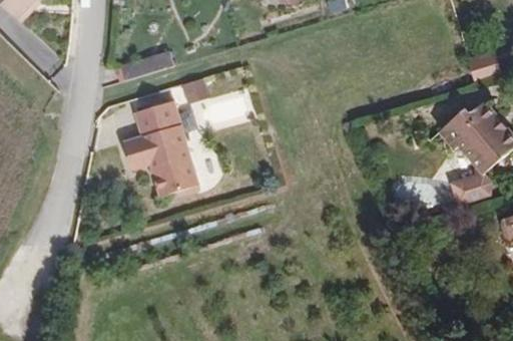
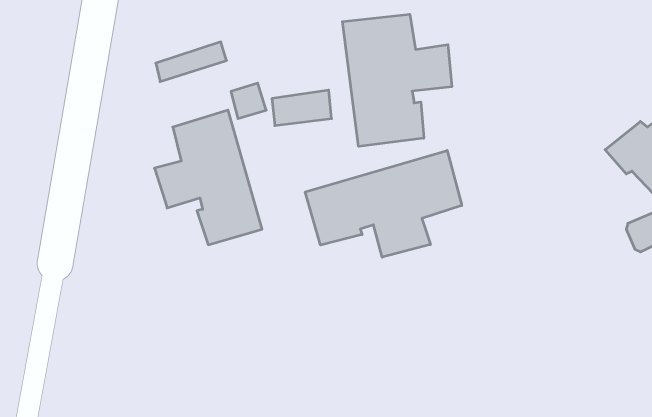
building: none -> [342,14,452,146]
building: none -> [305,150,462,257]

